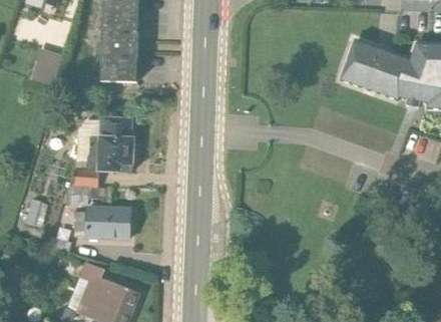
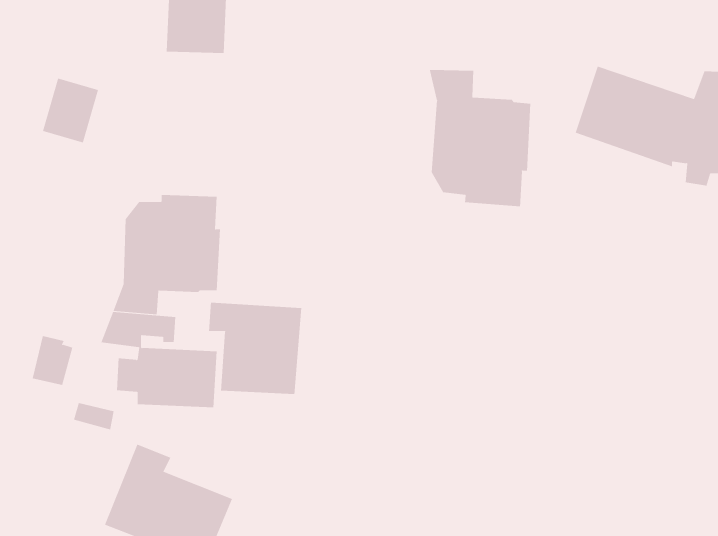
building: [100,32,136,82] -> none
building: none -> [429,69,531,207]
building: none -> [208,302,302,395]

